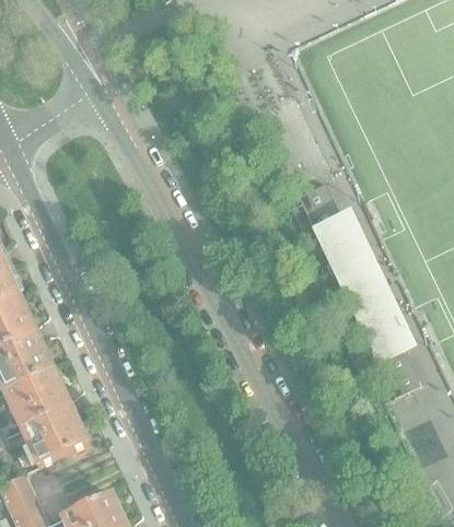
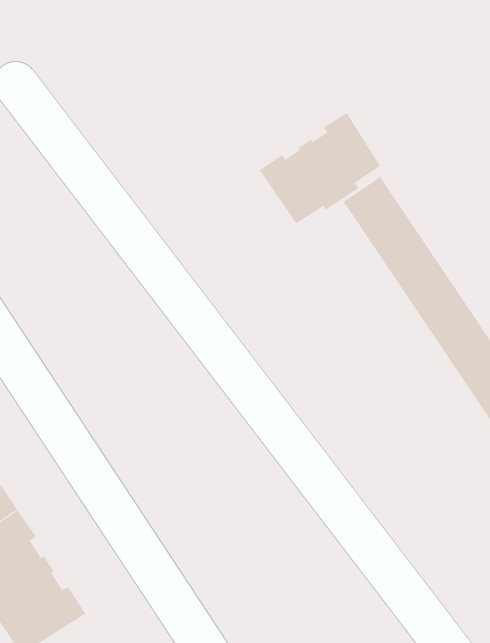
building: none -> [259,112,381,224]

